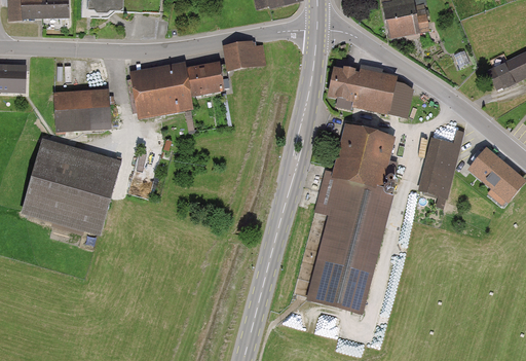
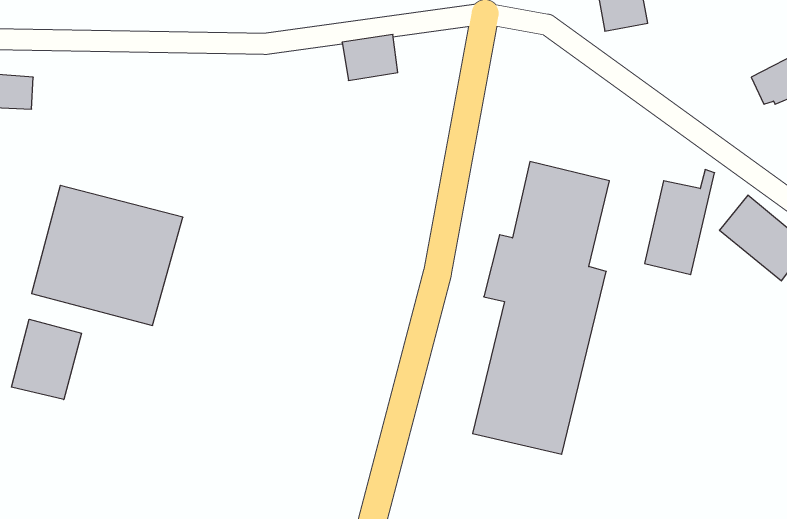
building: [132,60,226,117] -> none
building: [329,66,406,115] -> none
building: [55,91,112,130] -> none
building: none -> [11,319,82,400]

